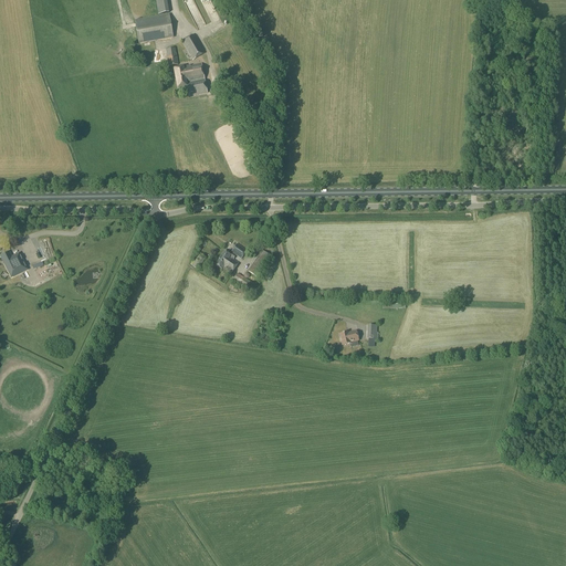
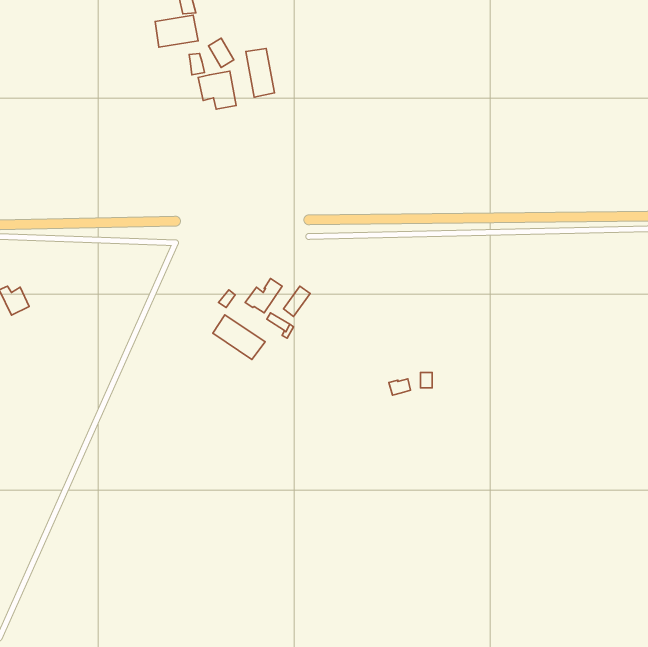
building: none -> [246,49,274,97]
building: none -> [213,315,265,359]

